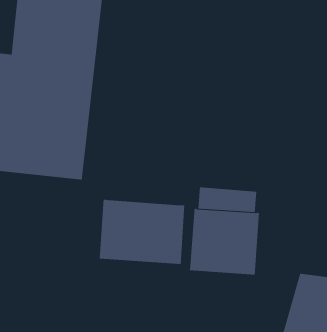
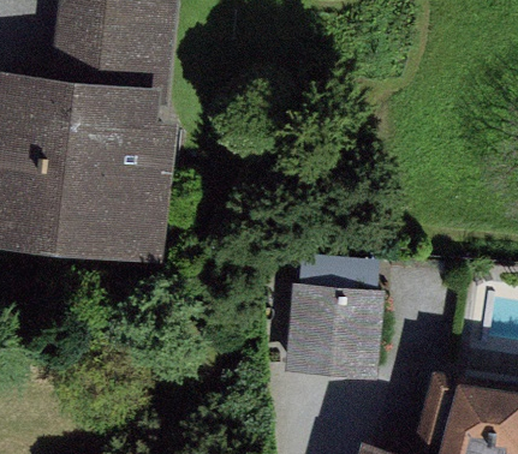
building: [99,199,185,265] -> none

